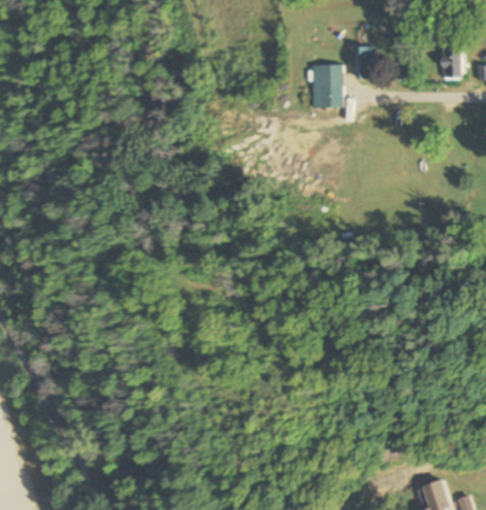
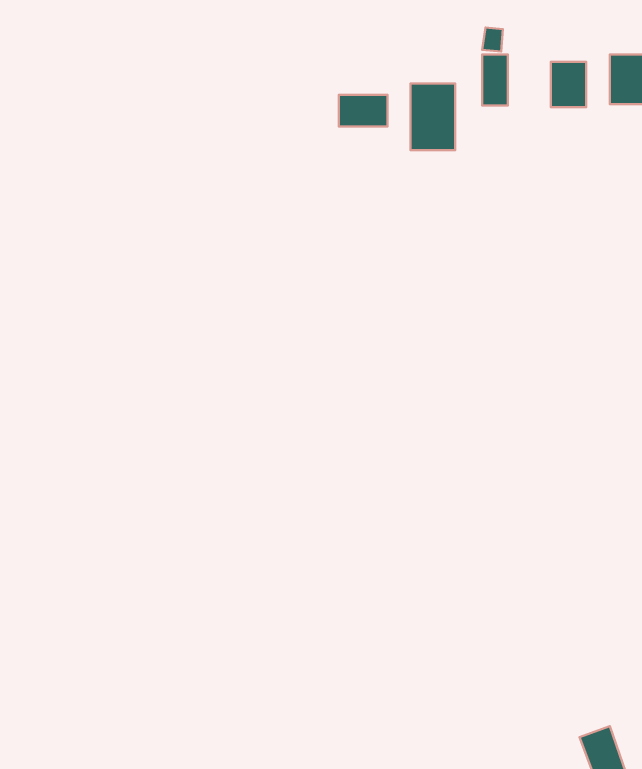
building: none -> [551,62,586,107]
building: none -> [339,95,387,126]

